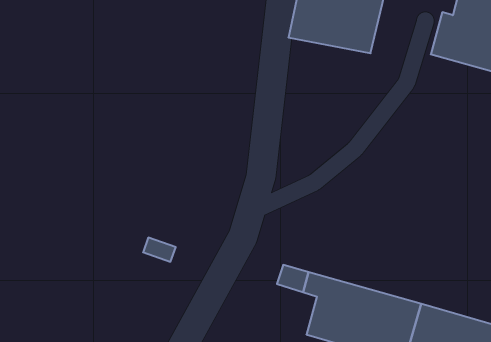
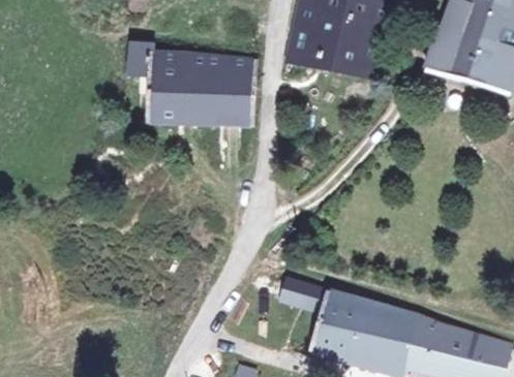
building: none -> [129,46,254,128]

